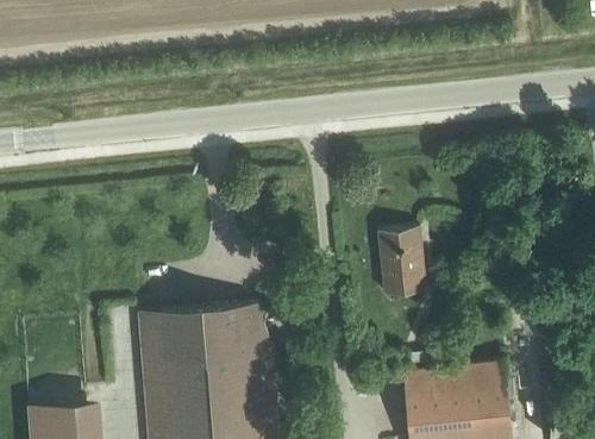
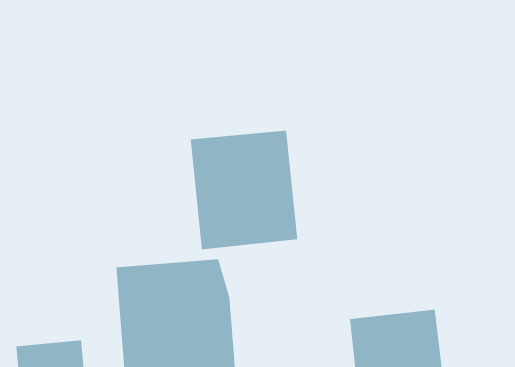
building: none -> [190,130,298,250]
building: [376,231,424,293] -> none

